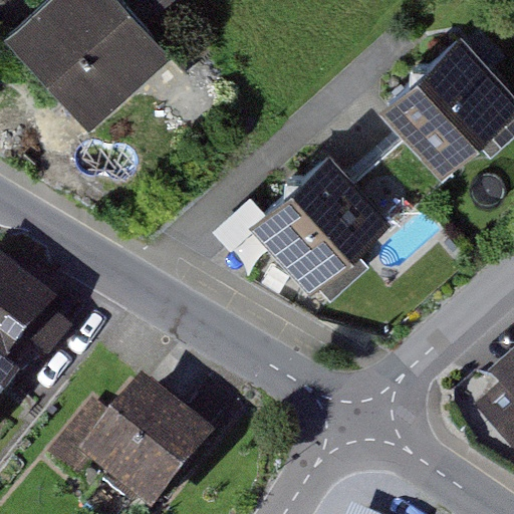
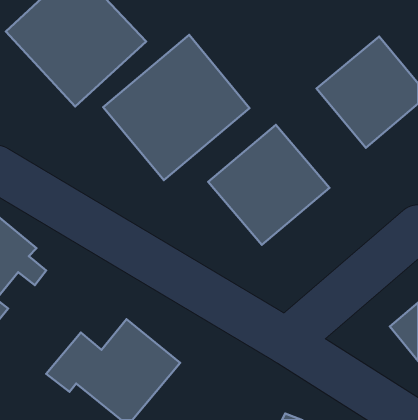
building: none -> [103,35,250,180]

